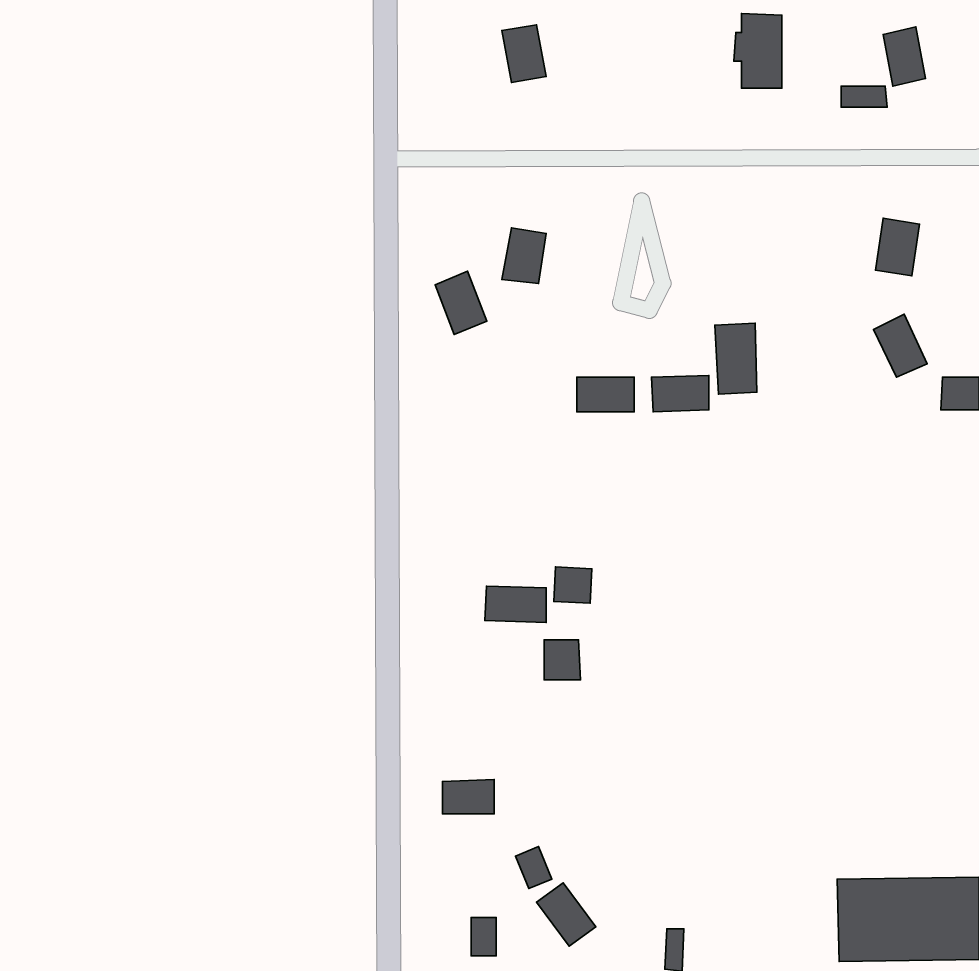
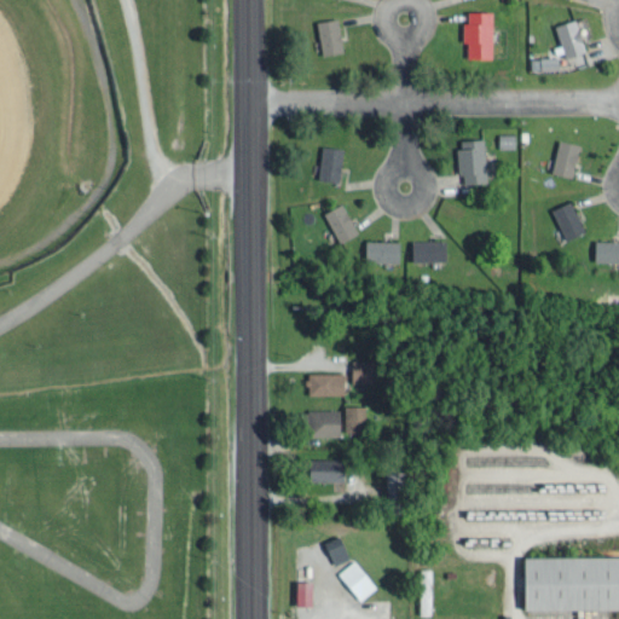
building: [435,271,487,335] -> [325,206,358,245]
building: [715,323,757,394] -> [459,141,486,186]
building: none -> [308,412,342,439]
building: [443,779,494,814] -> [313,462,346,484]

